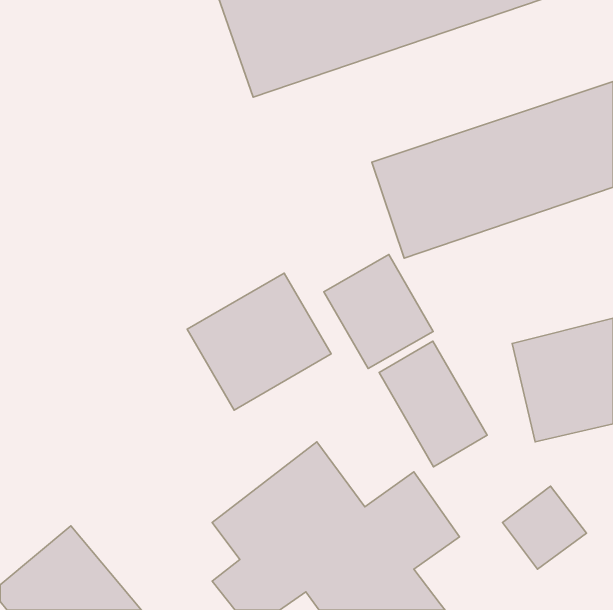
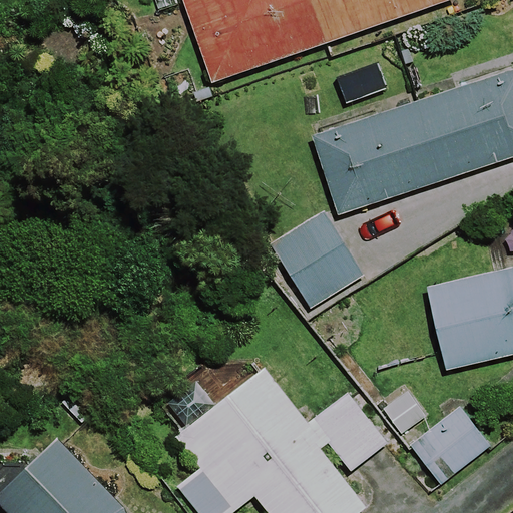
building: [187,273,331,410] -> none
building: [379,341,487,467] -> none

